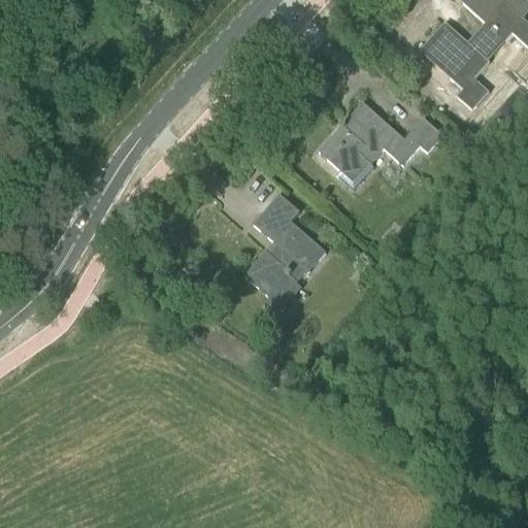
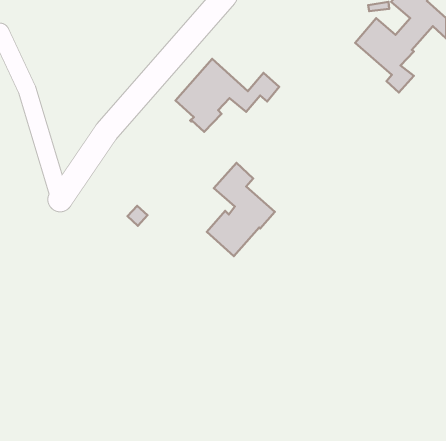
building: [319,101,441,188] -> [175,59,279,132]

